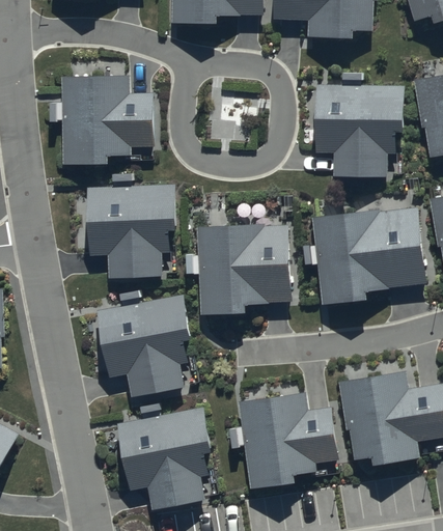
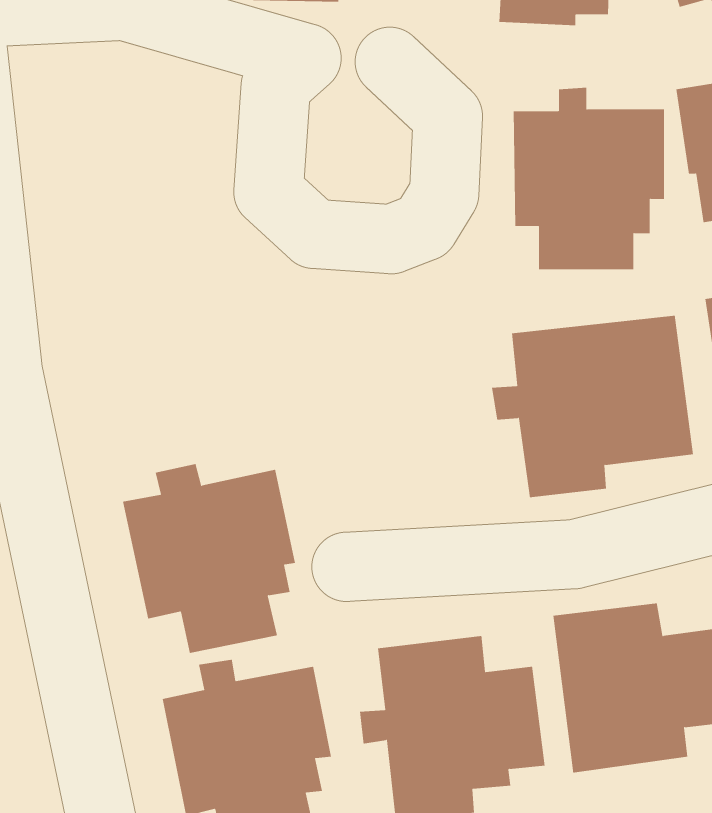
building: [52,72,153,164] -> none
building: [88,174,176,280] -> none
building: [188,226,290,320] -> none

